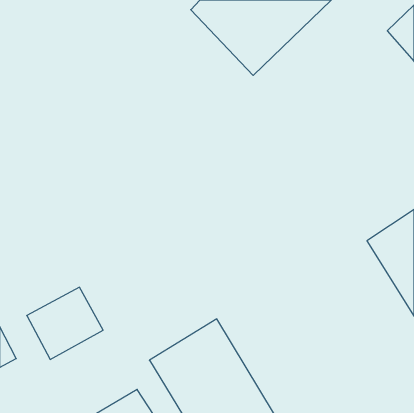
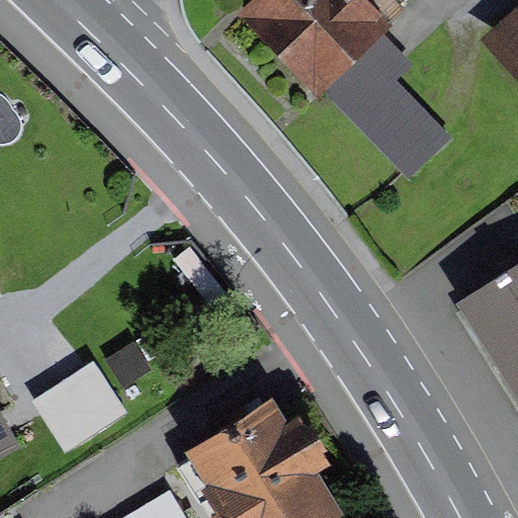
building: none -> [332,36,469,185]

